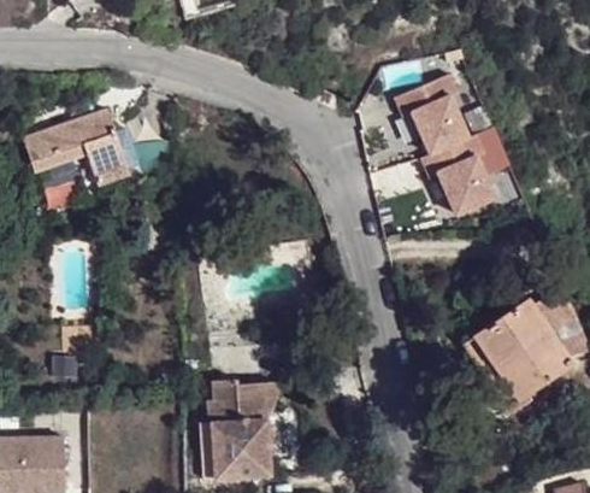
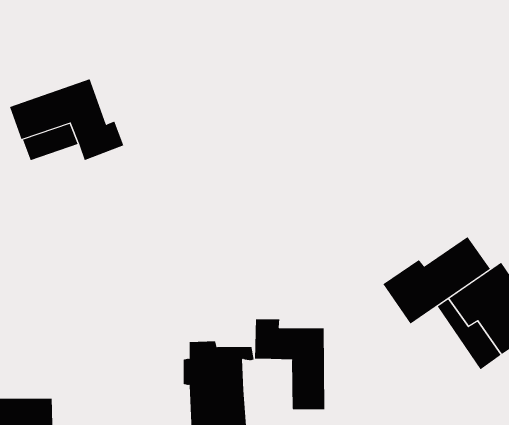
building: [387,76,519,218] -> none
building: none -> [382,236,491,325]
building: none -> [255,318,325,410]

